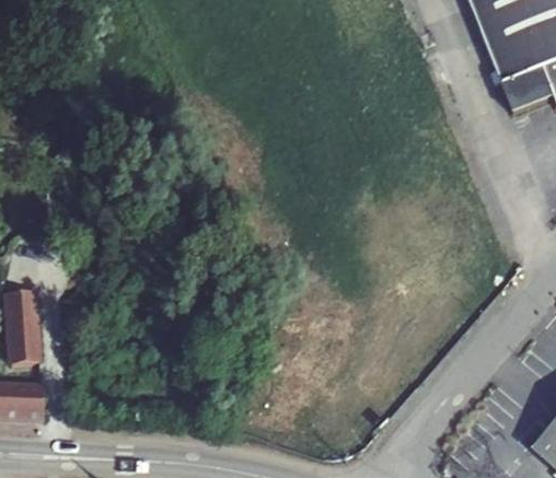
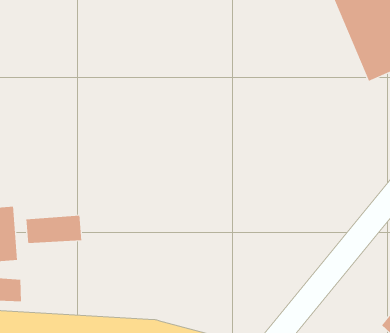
building: none -> [26,215,82,244]

